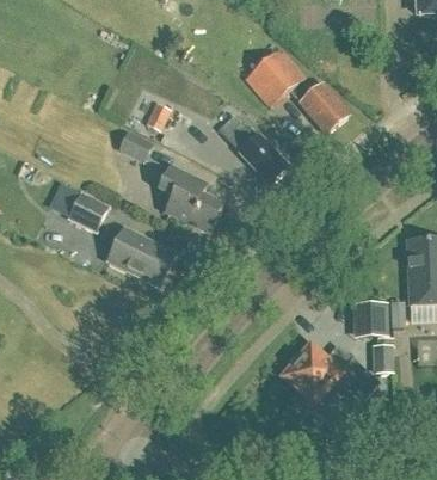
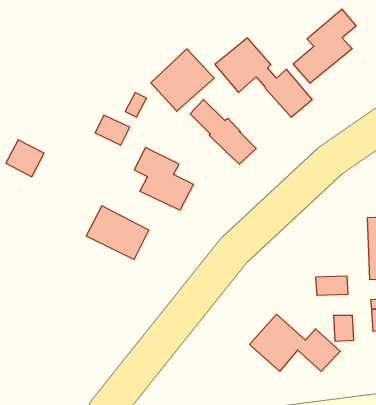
building: none -> [293,9,356,83]
building: none -> [151,49,214,111]
building: [68,190,109,229] -> [6,140,44,177]

